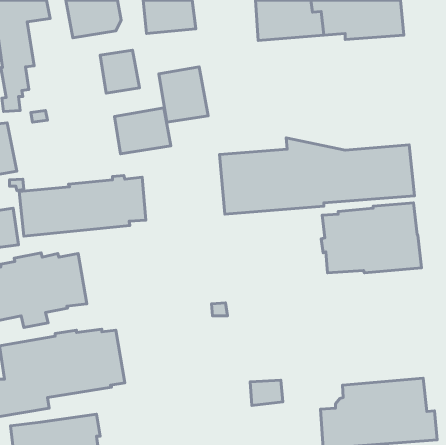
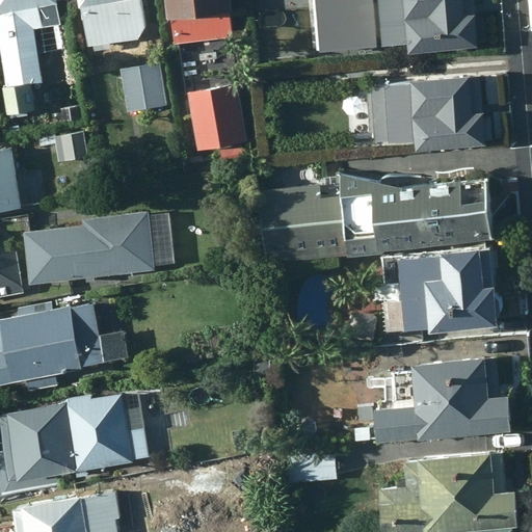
building: none -> [374,74,485,150]
building: [114,108,171,154] -> none
building: none -> [375,358,509,441]

